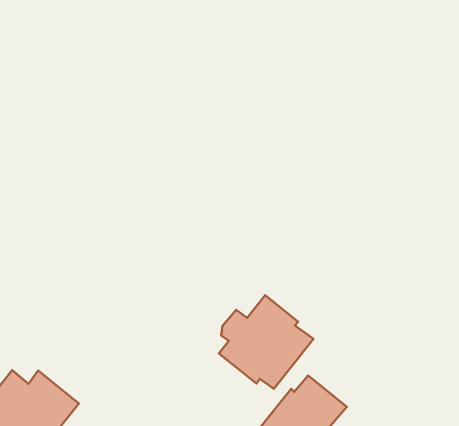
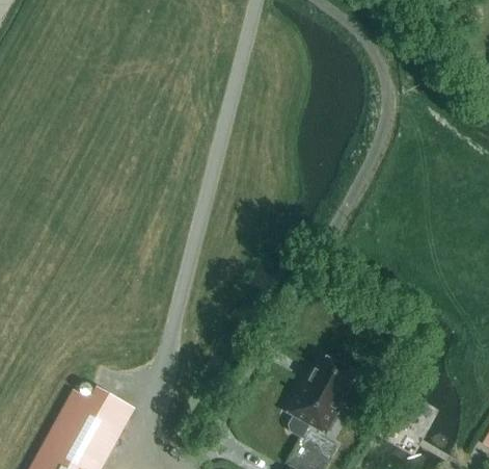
building: [219,295,313,389] -> none

